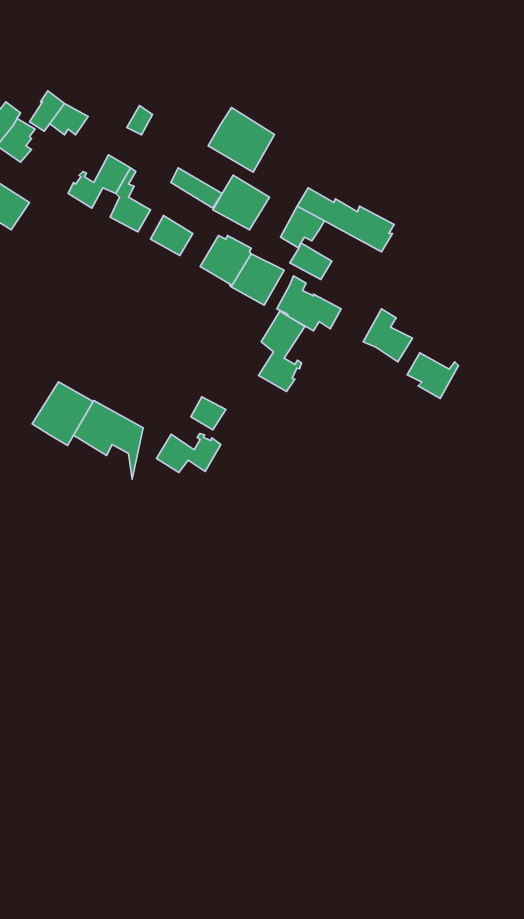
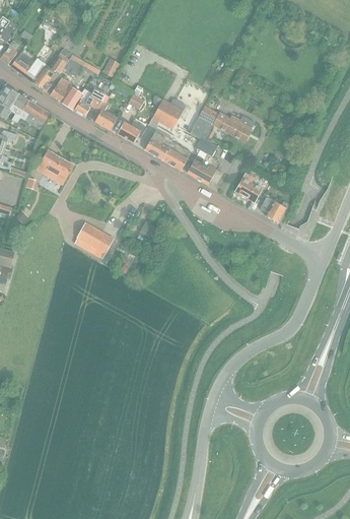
building: [208,107,275,172] -> none
building: none -> [50,77,79,108]
building: none -> [39,149,73,178]
building: [259,311,305,391] -> none
building: [32,382,93,445] -> none
building: [157,434,221,473] -> none

